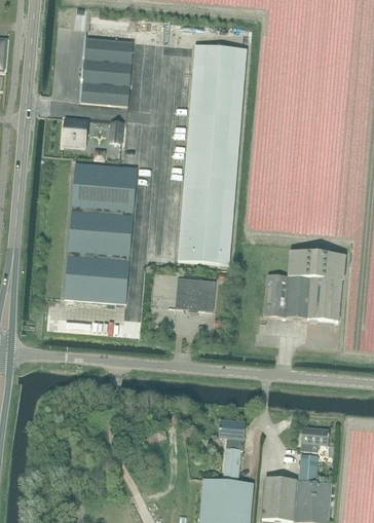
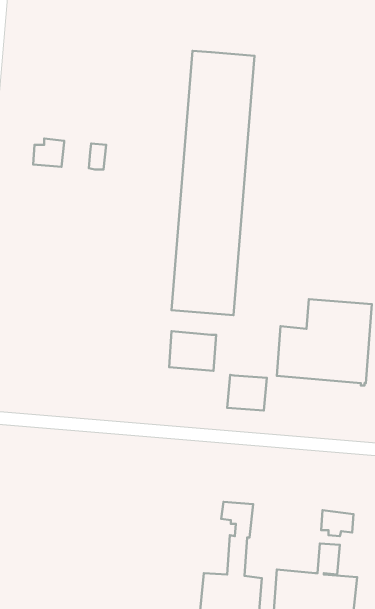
building: [79,37,132,105] -> none
building: [64,162,136,303] -> none
building: none -> [227,375,267,411]

